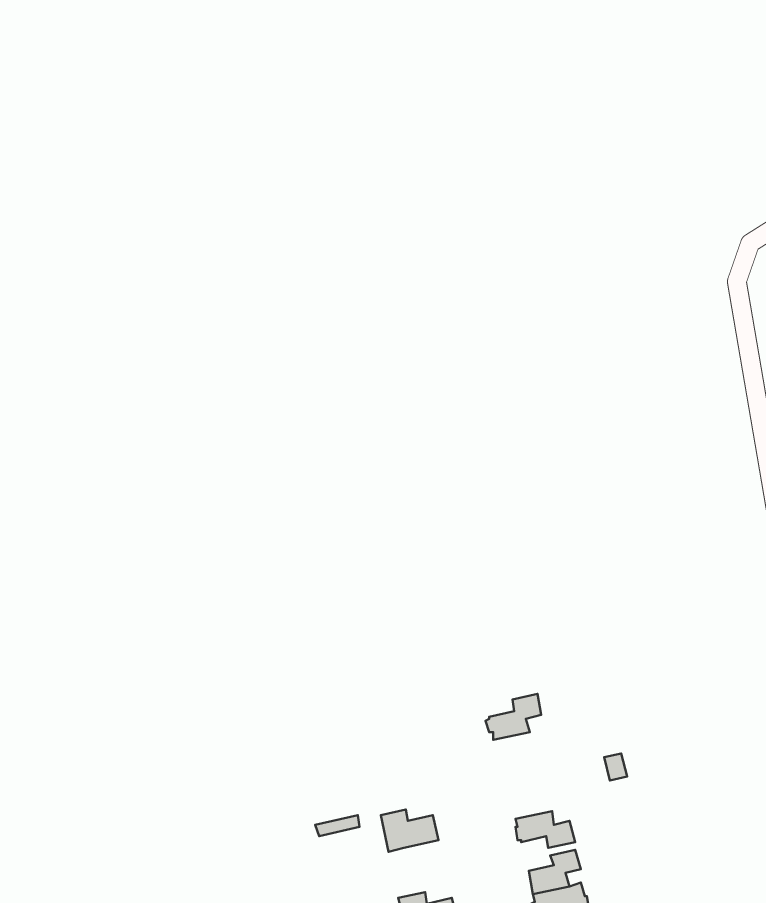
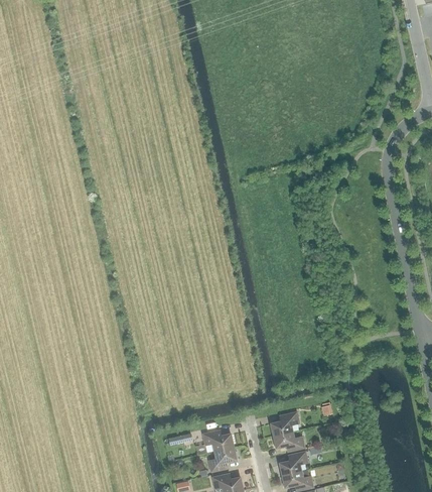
building: [485,694,541,740] -> [269,410,298,435]
building: none -> [208,446,238,470]

